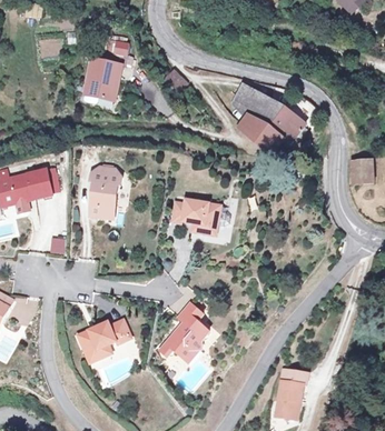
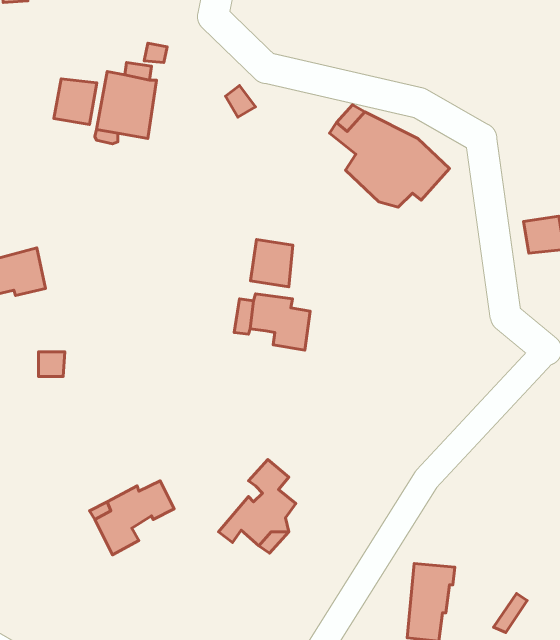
building: none -> [54,79,97,125]
building: none -> [250,239,293,287]
building: [88,172,119,218] -> none

